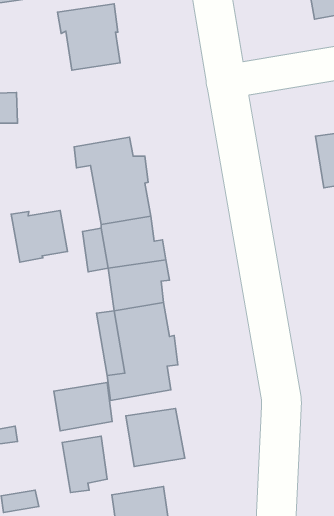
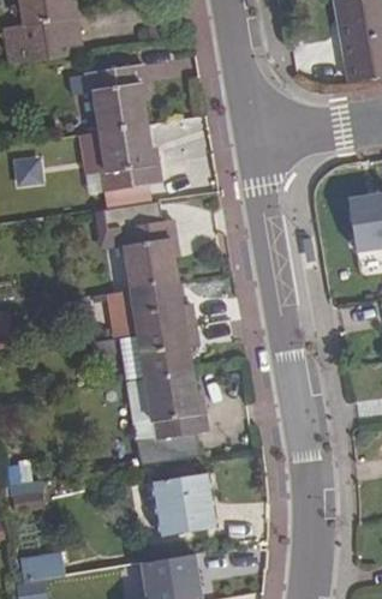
building: none -> [99,124,160,191]
building: [11,210,67,262] -> none
building: [54,383,112,431] -> none
building: [62,436,107,493] -> none

